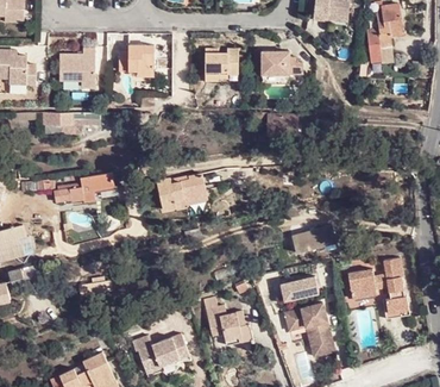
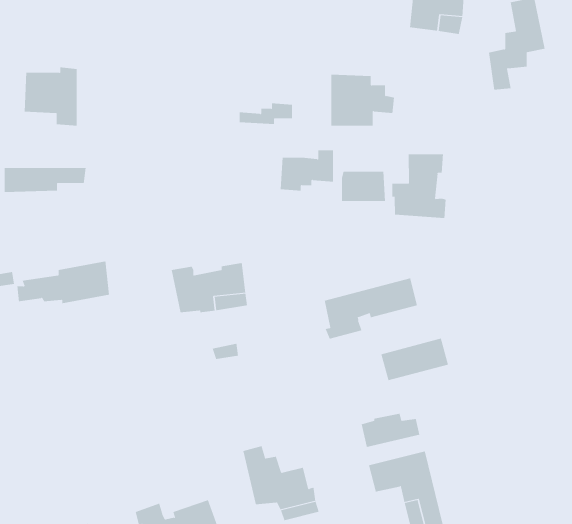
building: [118,42,151,76] -> none
building: [201,50,237,77] -> [280,150,334,191]
building: none -> [392,154,446,219]
building: none -> [324,277,417,340]
building: [348,257,409,316] -> none

